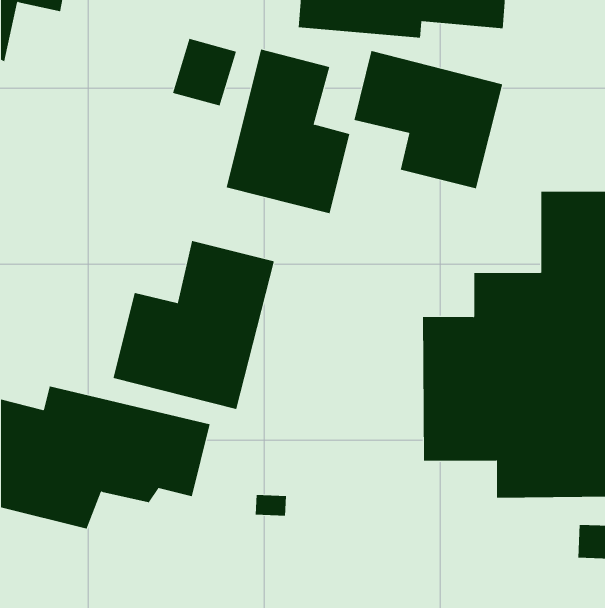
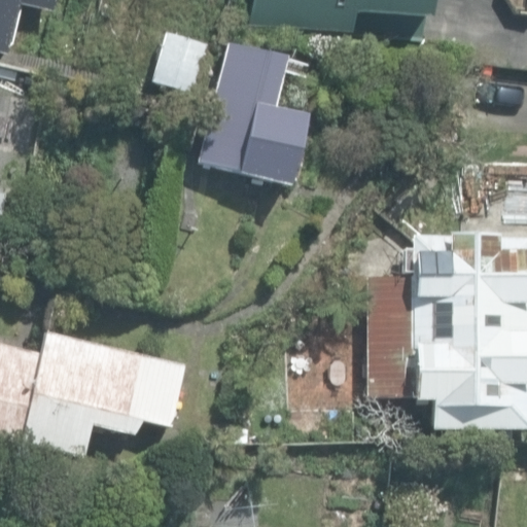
building: [354,50,503,189] -> none
building: [113,240,275,410] -> none

